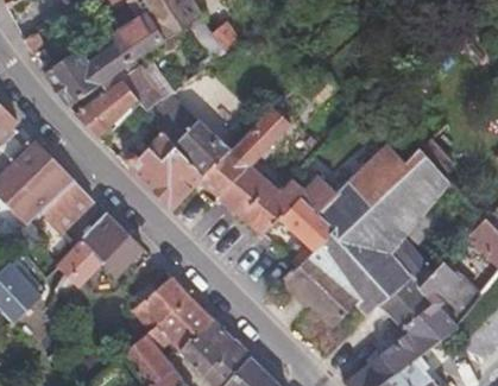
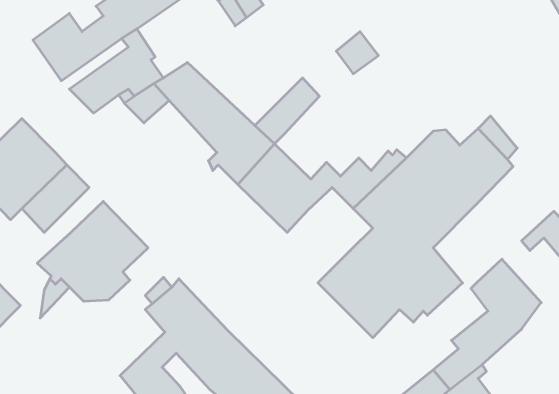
building: [128,132,202,211] -> none
building: [279,198,334,252] -> none
building: [380,213,431,328] -> none

